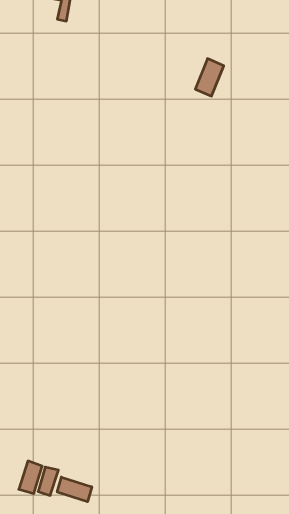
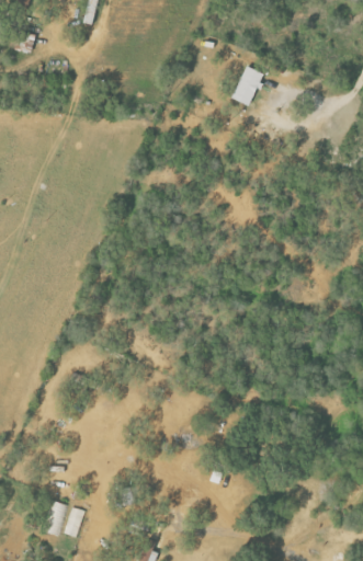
building: [57,477,92,502] -> none

